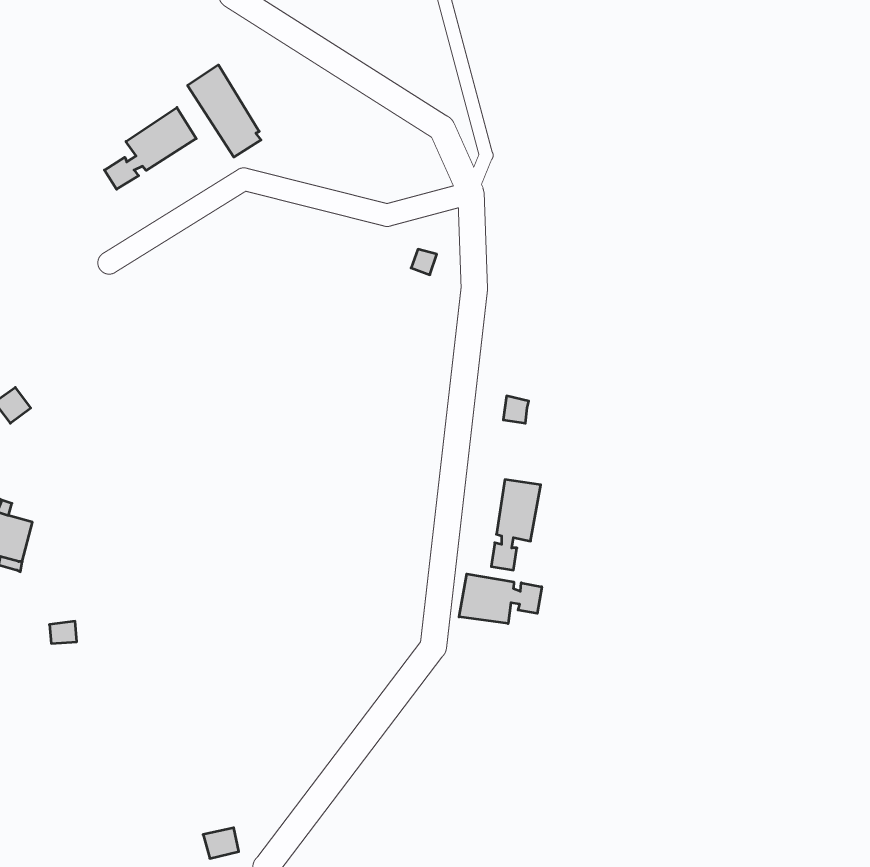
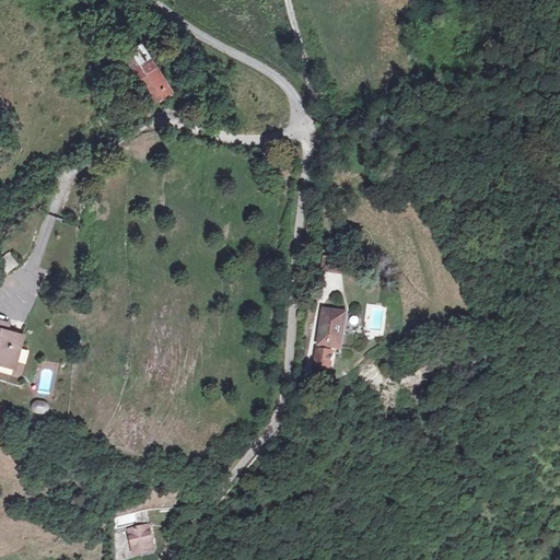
building: [104,107,196,189] -> none
building: [459,574,542,624] -> none

